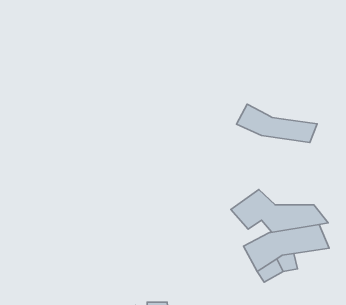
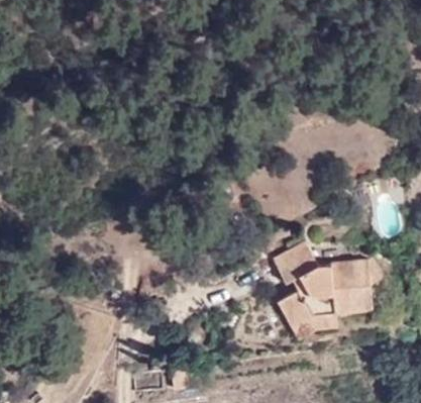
building: [236,104,317,142] -> none

